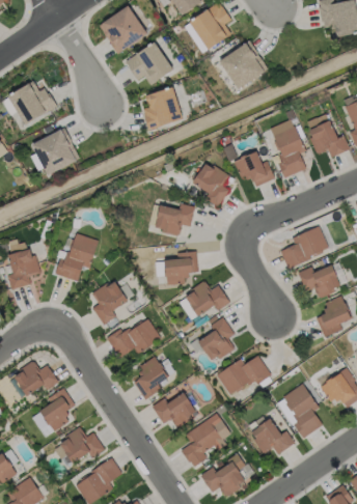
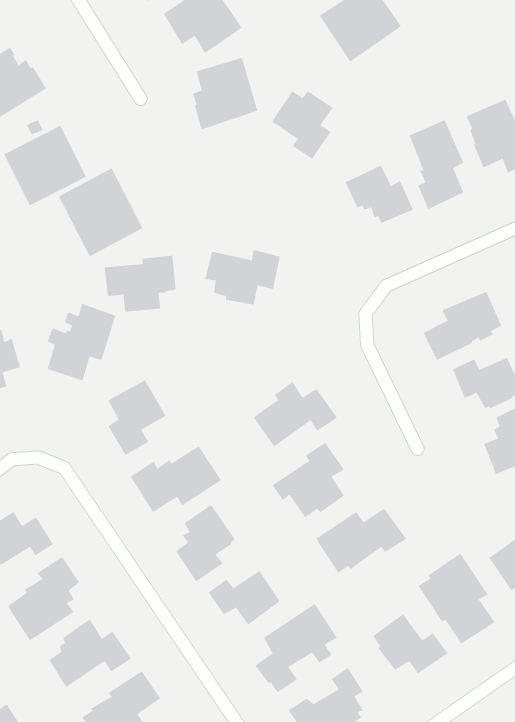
building: none -> [58,168,143,257]
building: [192,165,229,206] -> [271,90,333,160]
building: [154,251,197,285] -> [104,255,177,312]

